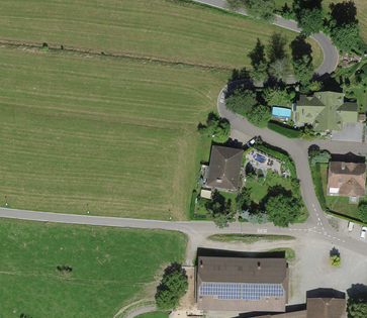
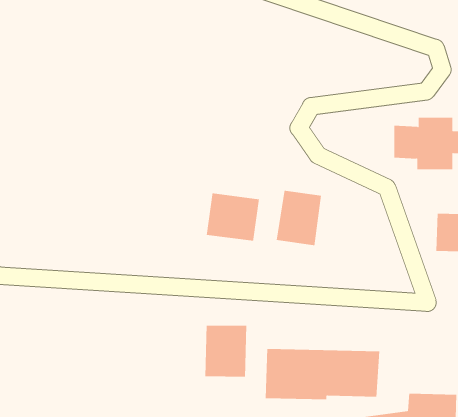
building: none -> [206,192,260,242]
building: none -> [205,325,247,378]

